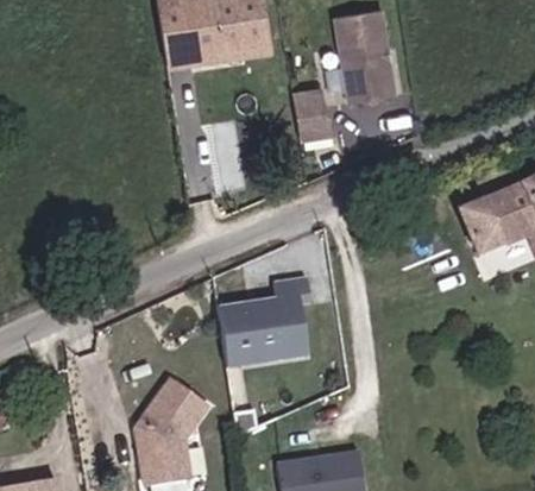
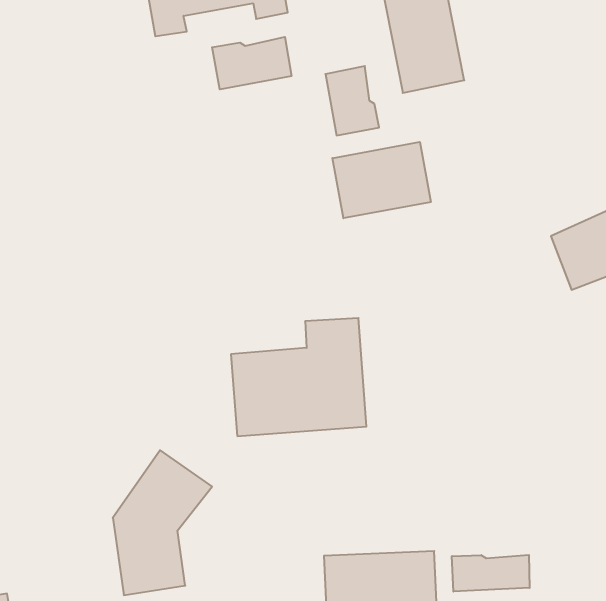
building: none -> [212,37,291,89]
building: none -> [332,142,431,218]
building: none -> [452,555,530,592]

